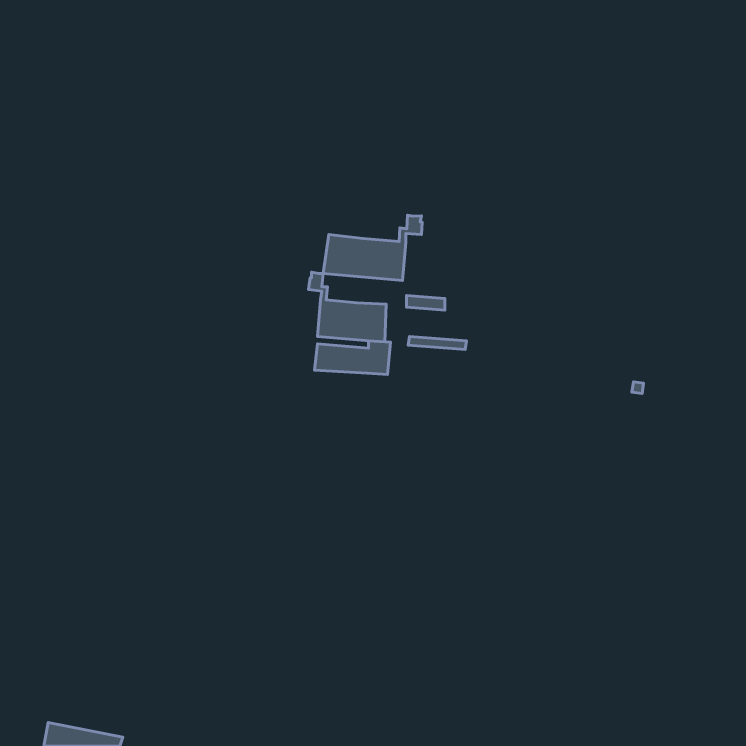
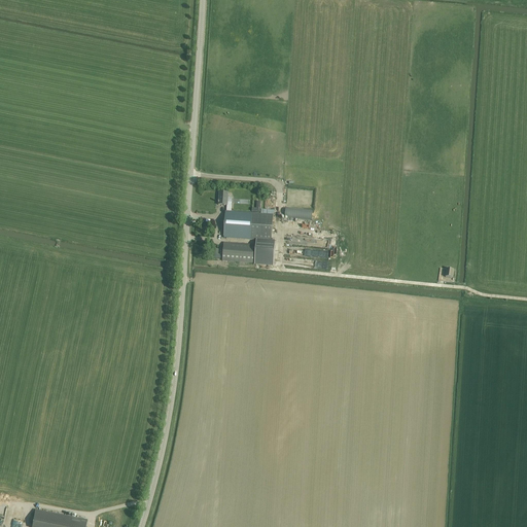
building: [323,215,422,280] -> none

